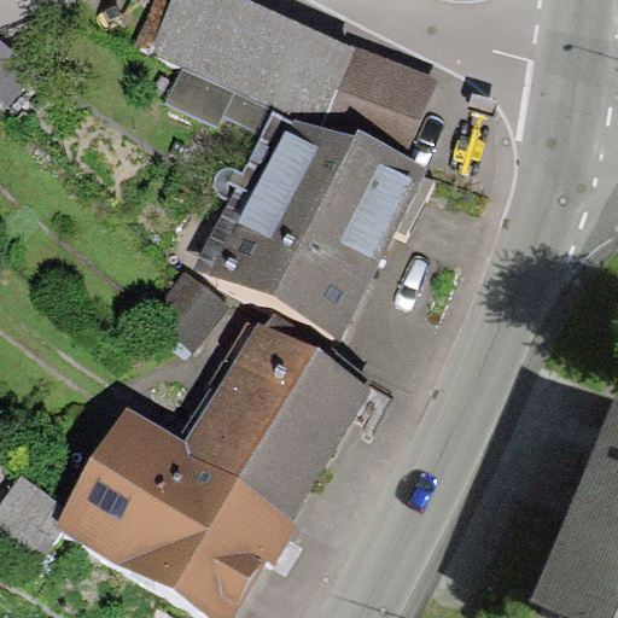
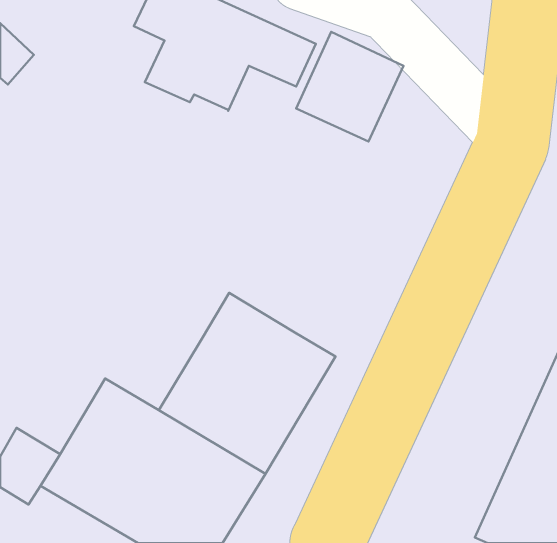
building: [194,110,421,339] -> none

